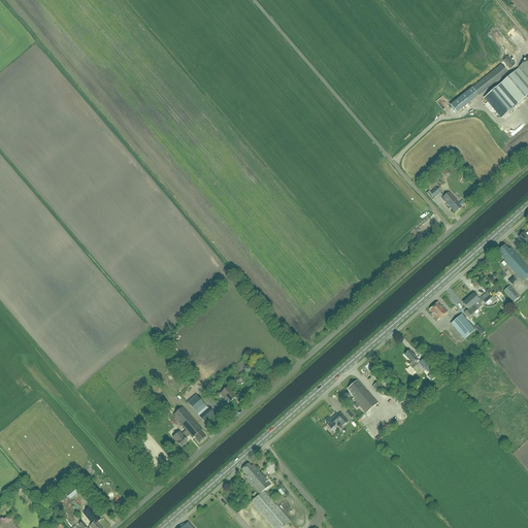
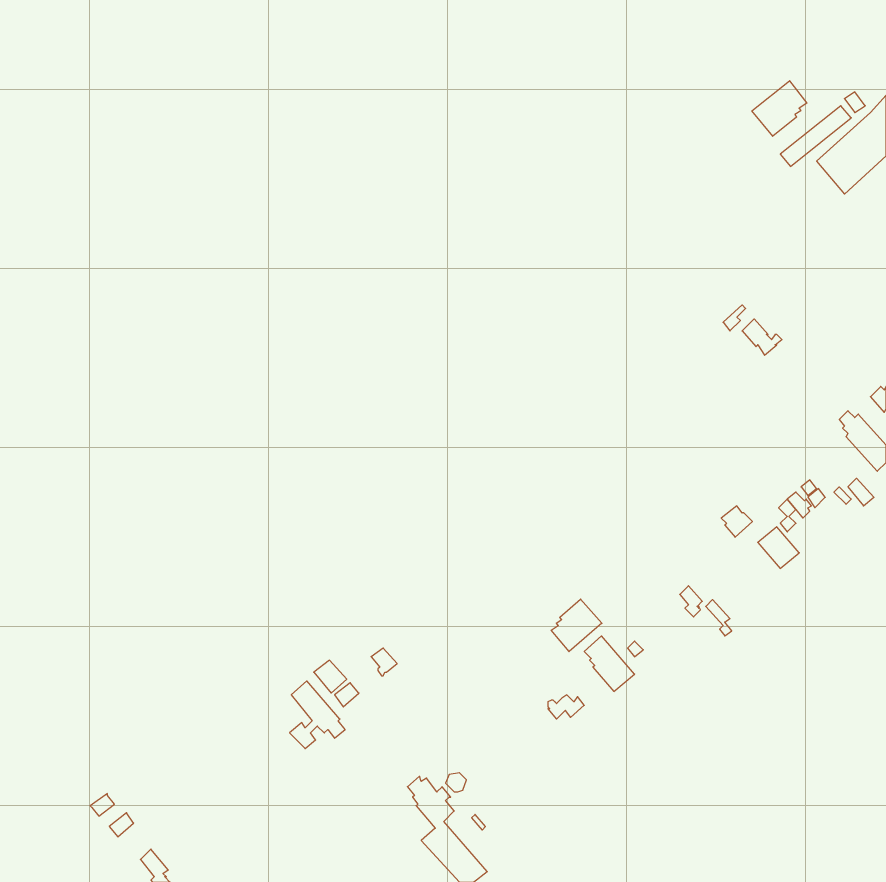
building: none -> [752,81,807,136]
building: none -> [551,599,602,652]

